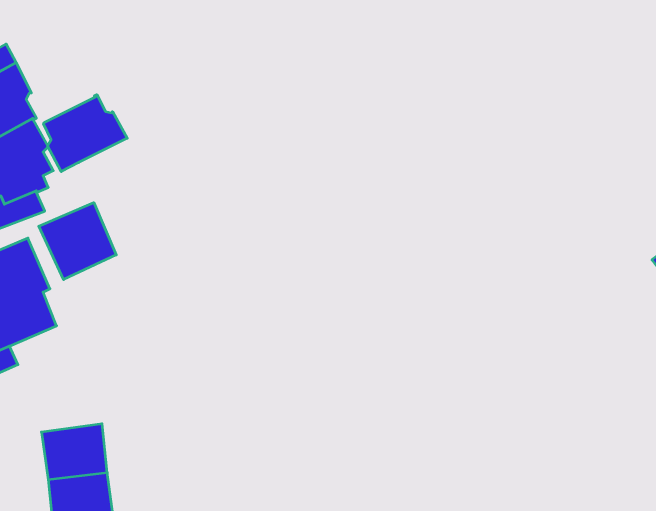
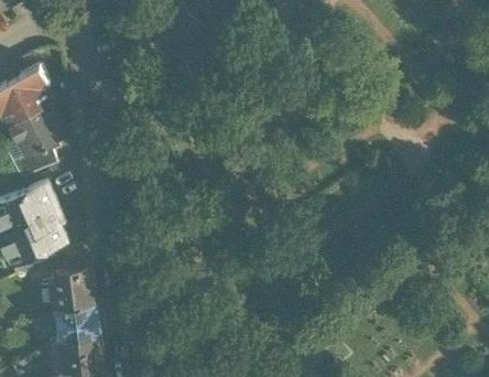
building: [44,95,127,172] -> none
building: [39,203,116,280] -> none
building: none -> [50,266,94,309]

